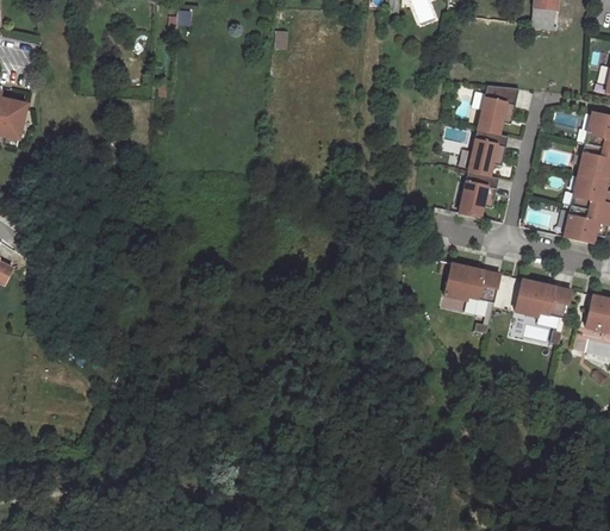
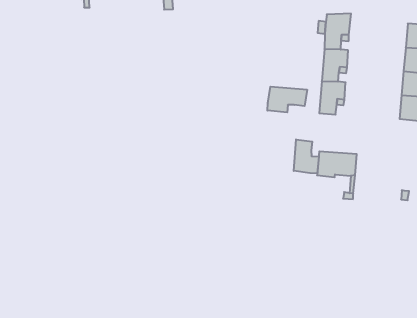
building: none -> [267,87,307,112]
building: none -> [294,139,319,173]
building: [515,279,572,318] -> none

